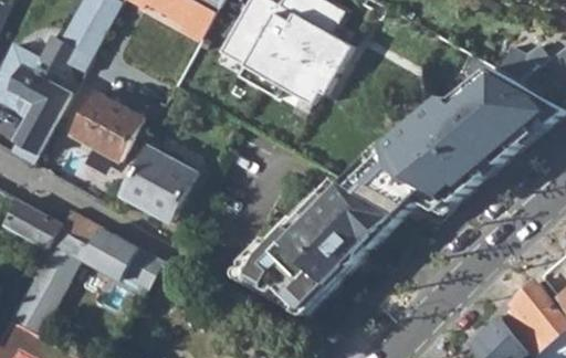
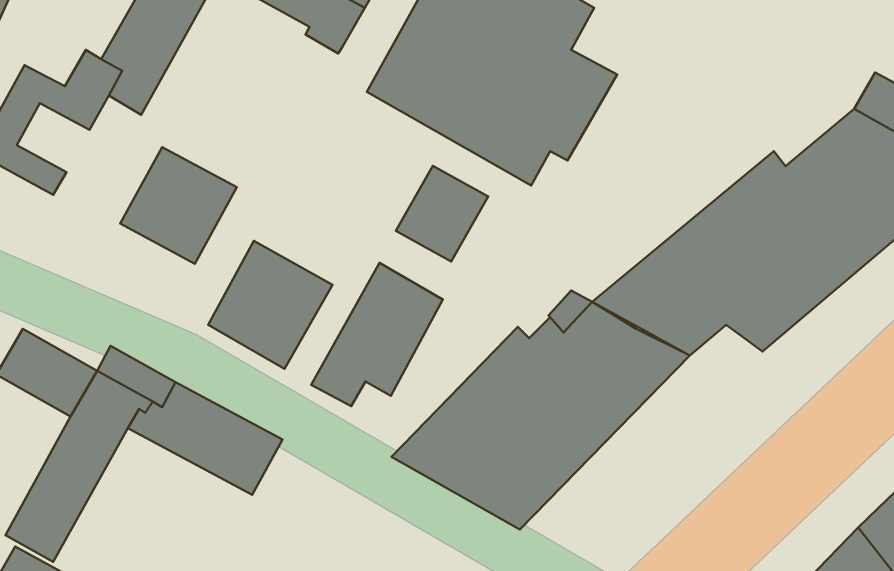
building: [13,67,77,158] -> none
building: none -> [396,166,488,262]
building: none -> [311,263,443,406]

